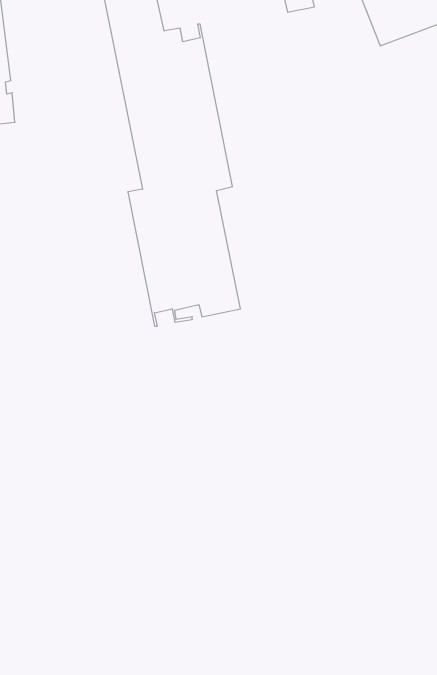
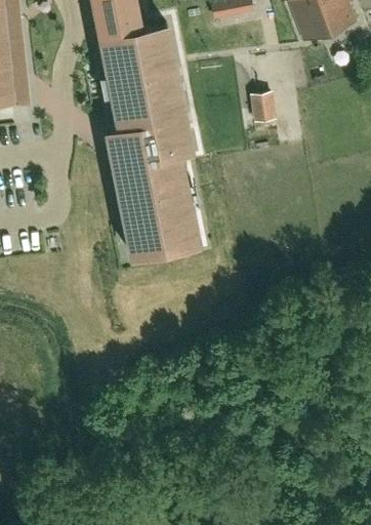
building: none -> [250,89,277,121]

